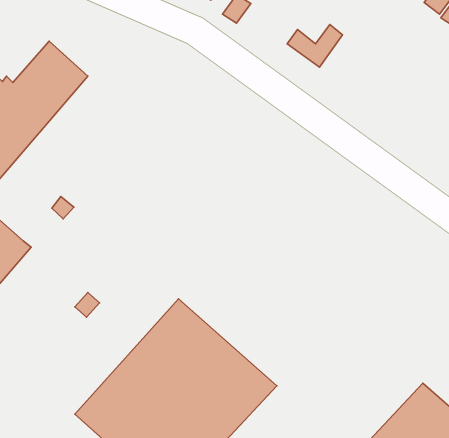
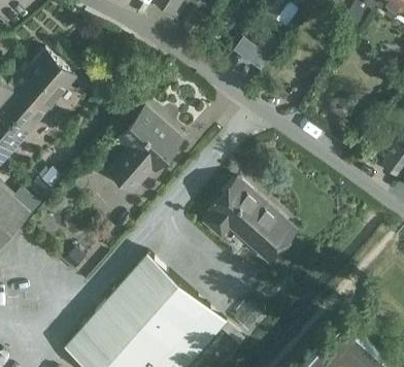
building: none -> [109,108,182,193]
building: none -> [206,179,296,262]

